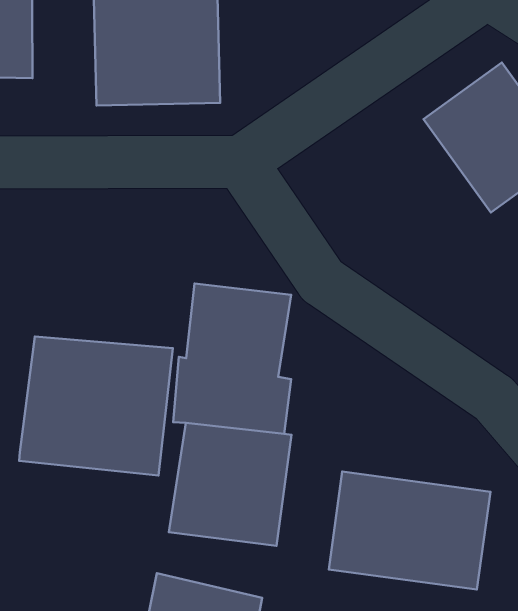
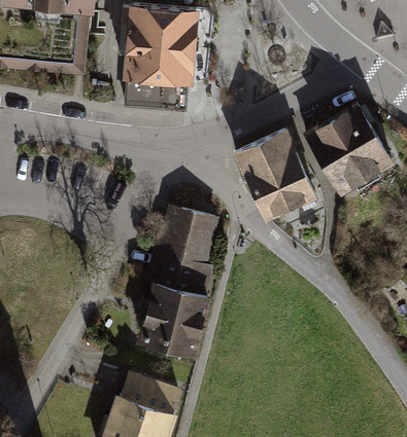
building: none -> [229,118,314,215]
building: [19,336,173,475] -> none
building: [329,472,490,590] -> none

